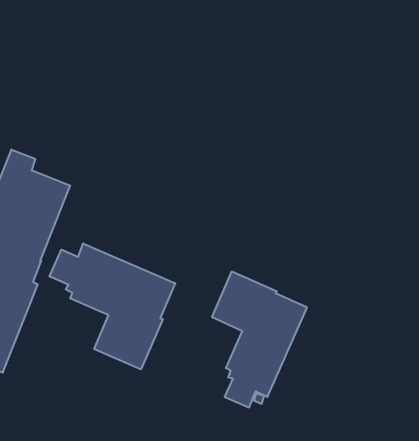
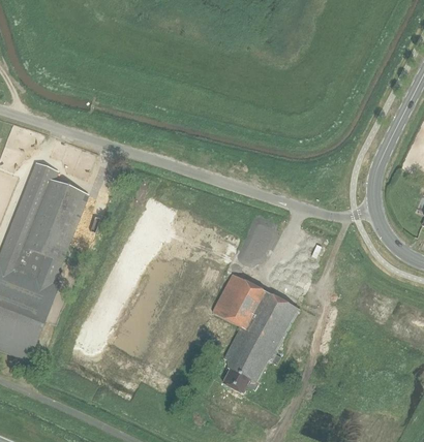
building: [50,243,175,369] -> none

